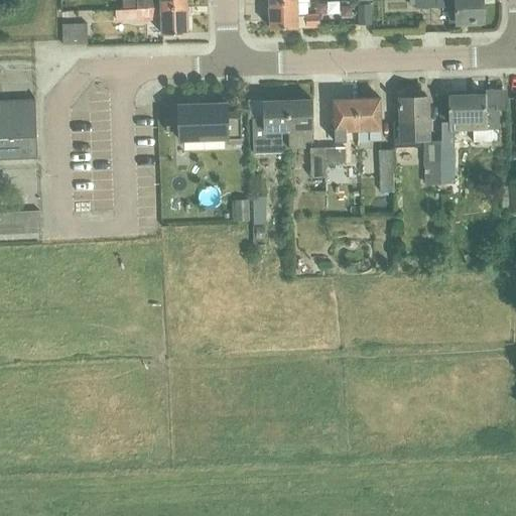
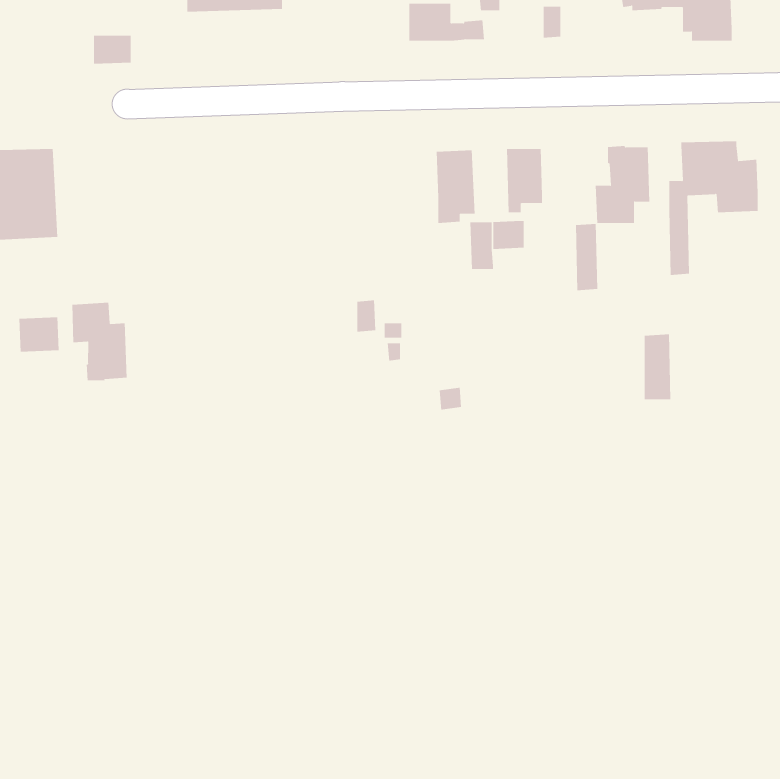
building: [116,6,187,33] -> none
building: [357,97,381,139] -> none
building: [166,98,242,143] -> none
building: [252,100,288,152] -> none
building: [423,138,441,181] -> [644,334,671,400]
building: none -> [72,302,127,381]

